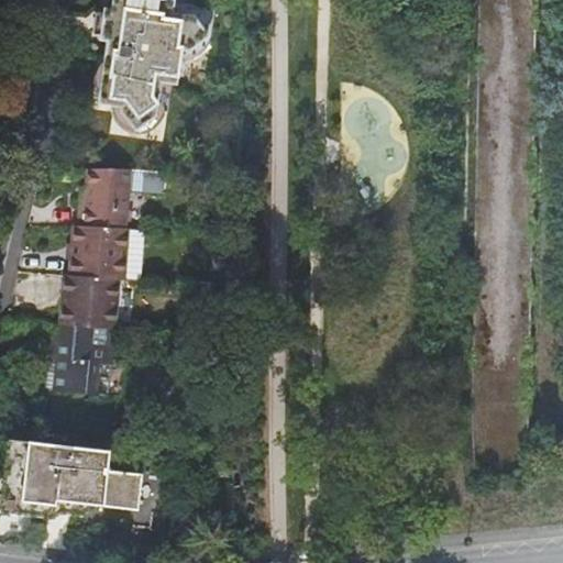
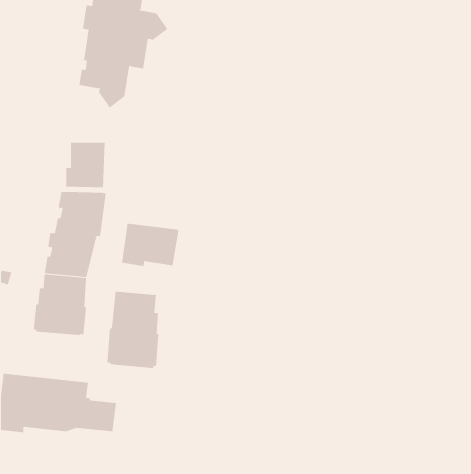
building: none -> [122,223,179,267]
building: none -> [107,291,159,369]

